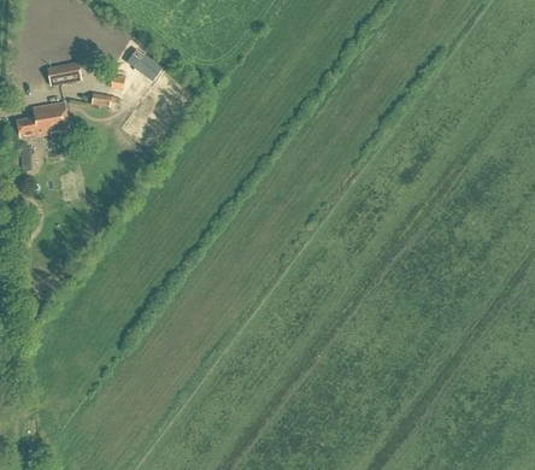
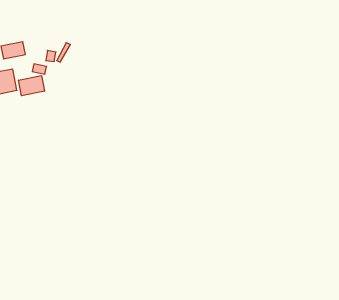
building: none -> [19,76,44,96]

